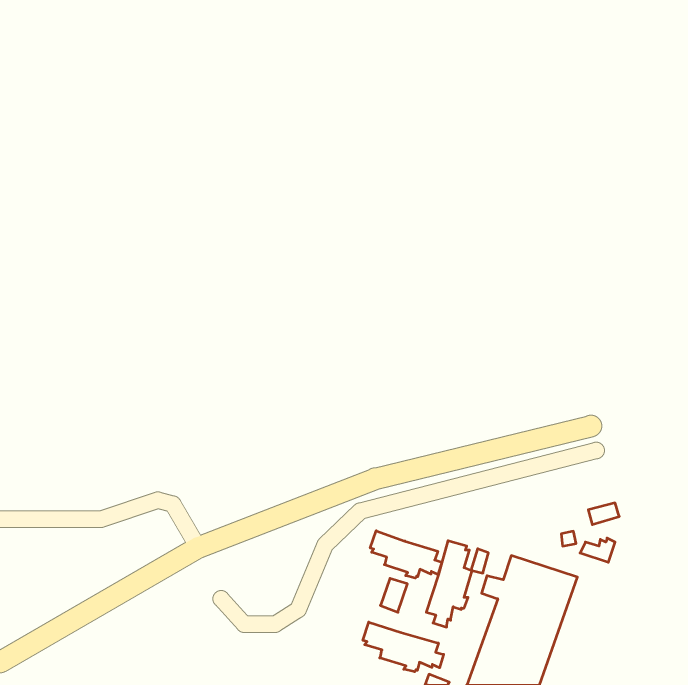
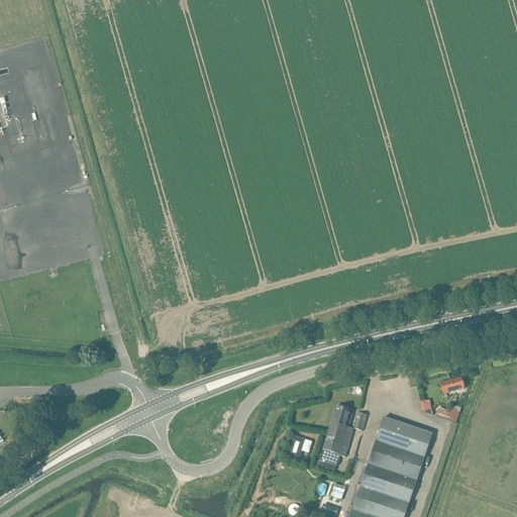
building: [370,531,442,578] -> none
building: [363,622,444,672] -> none

